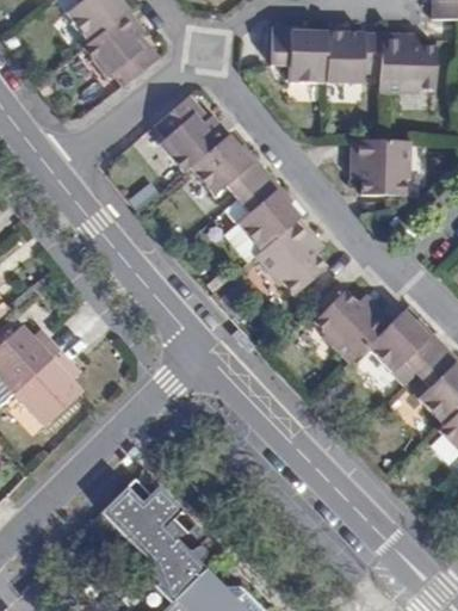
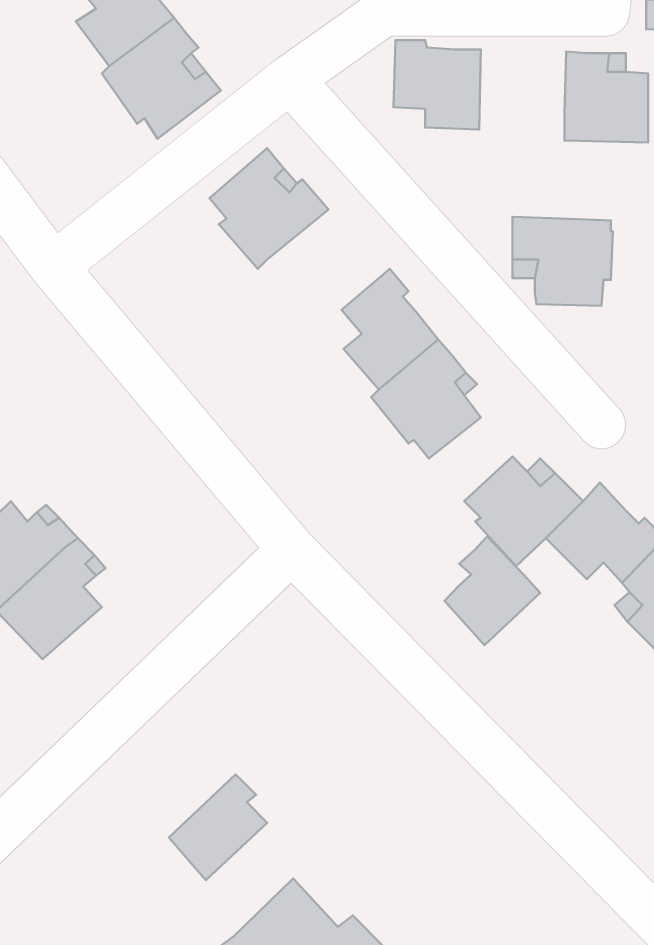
building: [324,32,380,85] -> none
building: [188,135,267,199] -> none
building: none -> [445,536,540,645]
building: [100,477,168,538] -> none
building: [141,523,215,601] -> none

